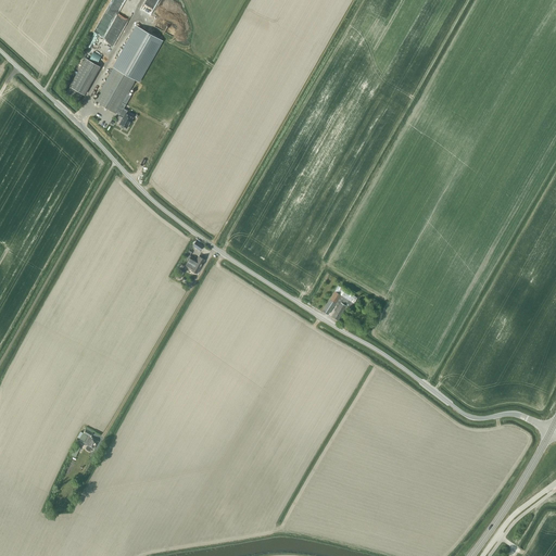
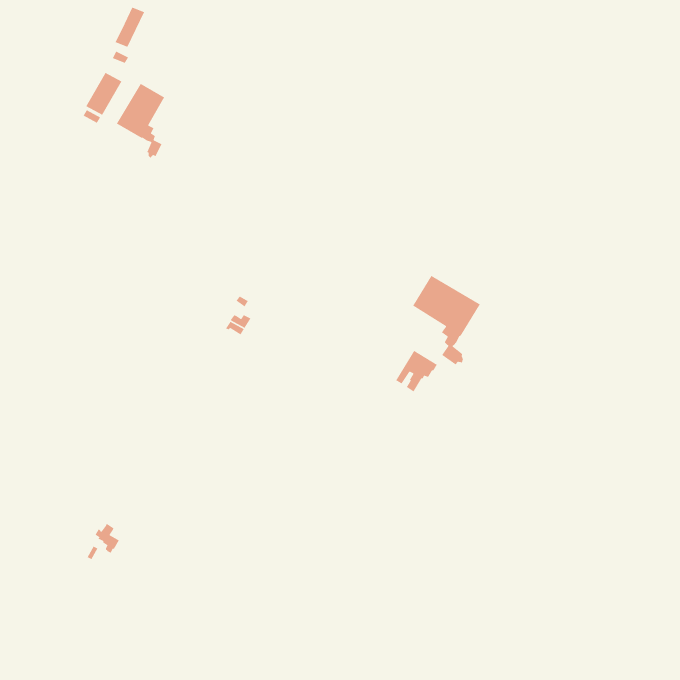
building: [112,25,163,83] -> none
building: none -> [412,274,481,365]

